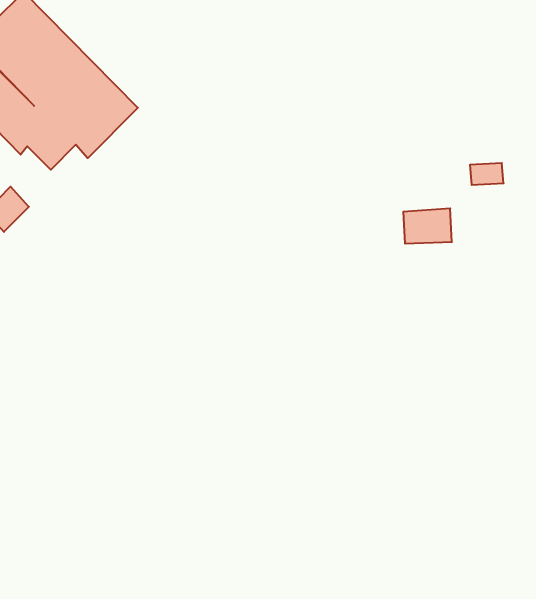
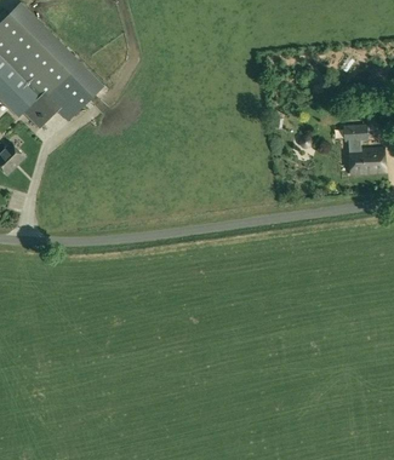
building: [403,208,452,244] -> [349,148,384,173]

